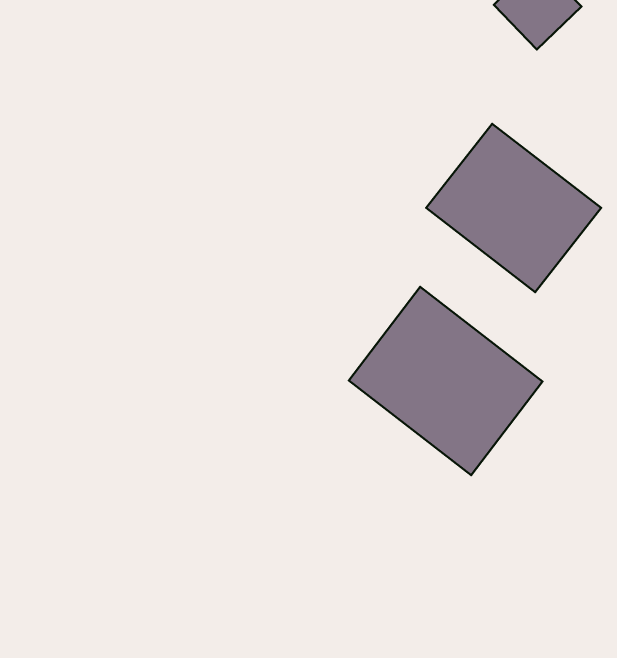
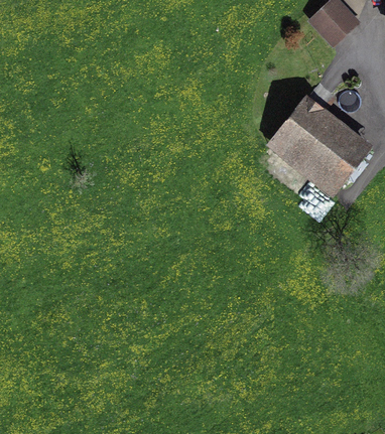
building: [349,287,543,475] -> none

